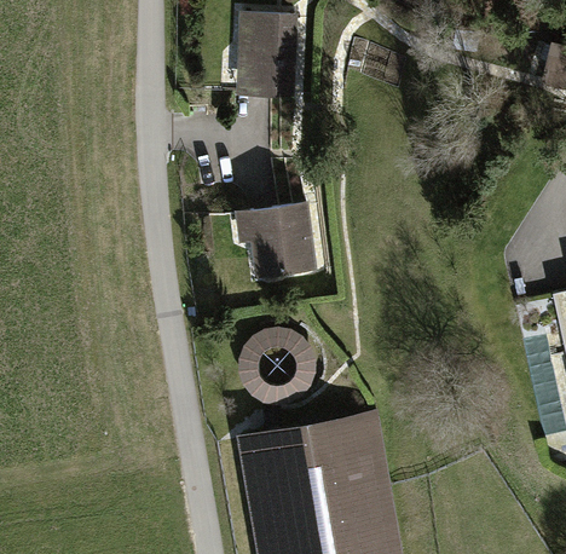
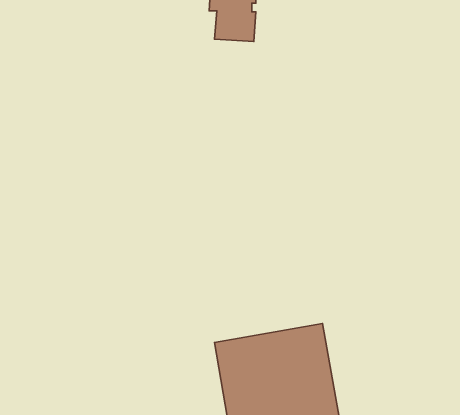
building: [250,201,314,272] -> none
building: [242,330,314,403] -> none

